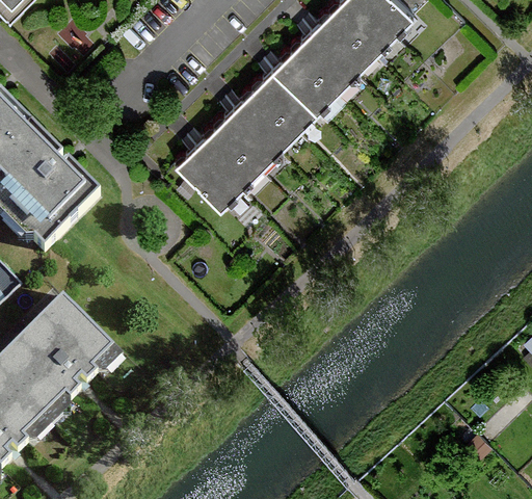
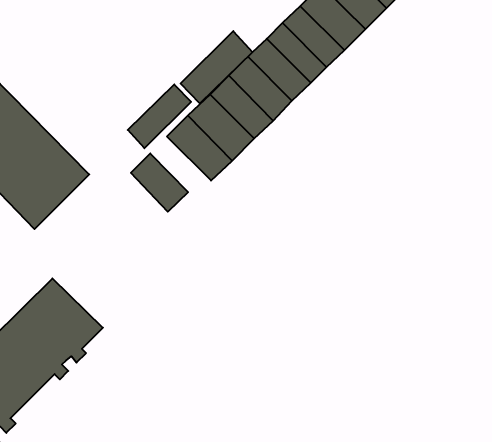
building: none -> [181,31,252,103]
building: none -> [128,84,191,148]
building: none -> [131,153,188,212]

